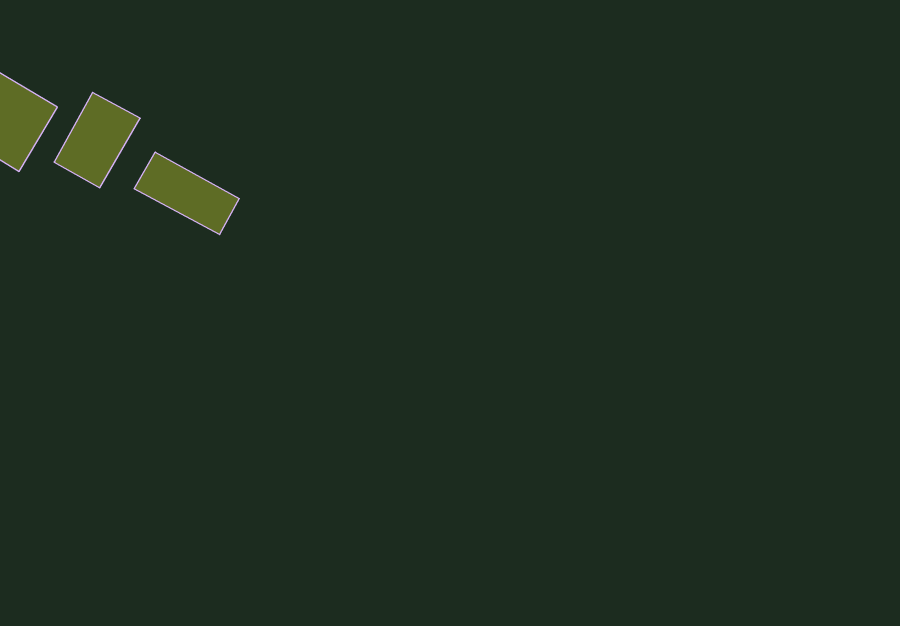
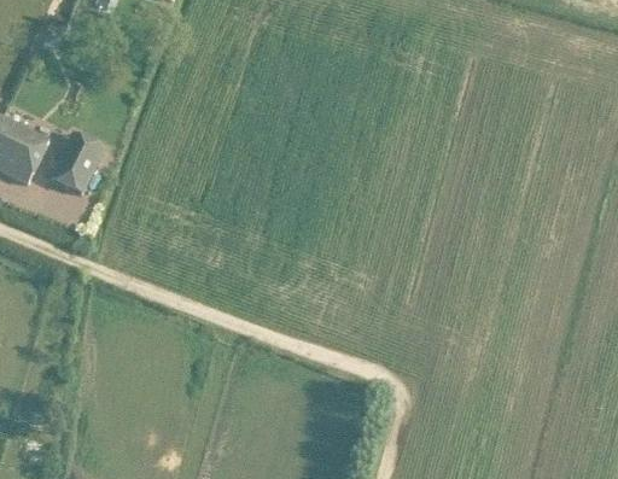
building: [134,152,239,235] -> none

